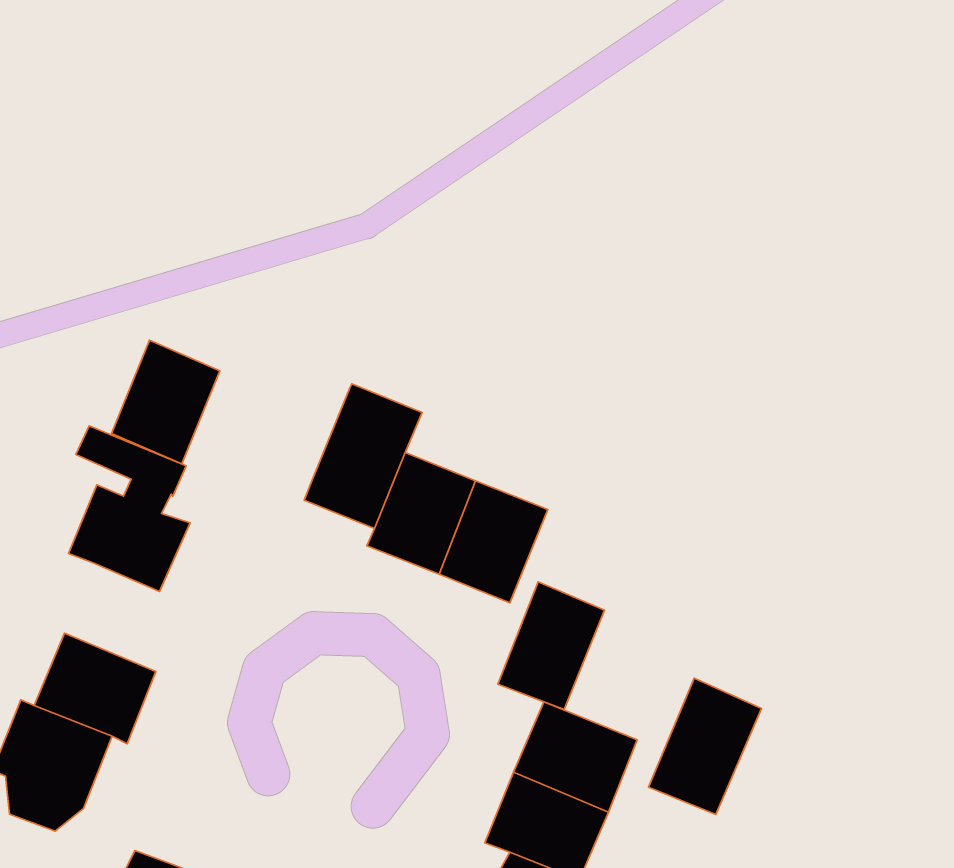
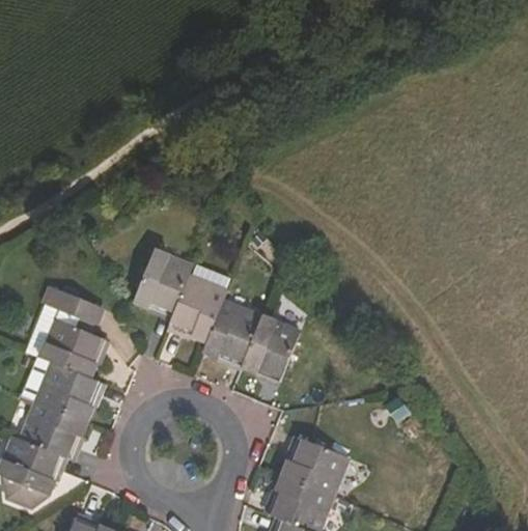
building: [112,340,220,464] -> [133,248,192,315]
building: none -> [36,360,102,419]
building: [498,582,604,710] -> none
building: [649,678,761,814] -> none

